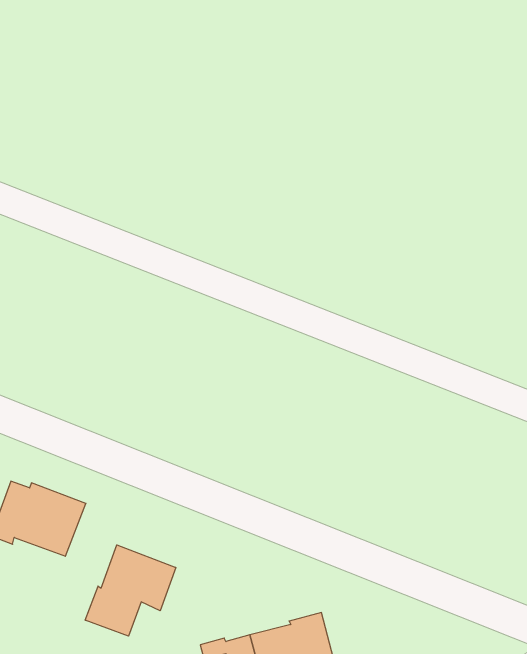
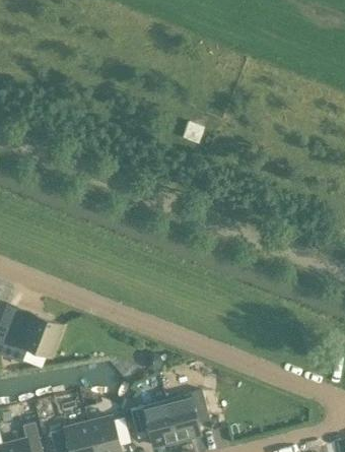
building: [85,545,176,636] -> none

